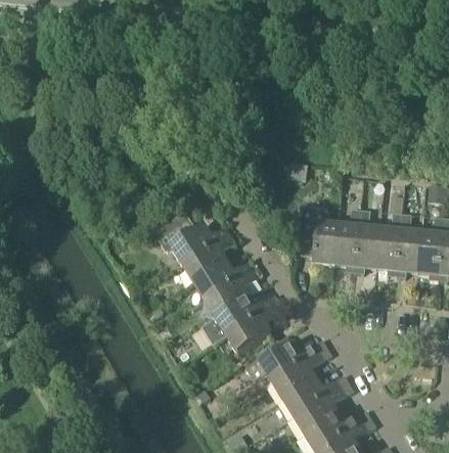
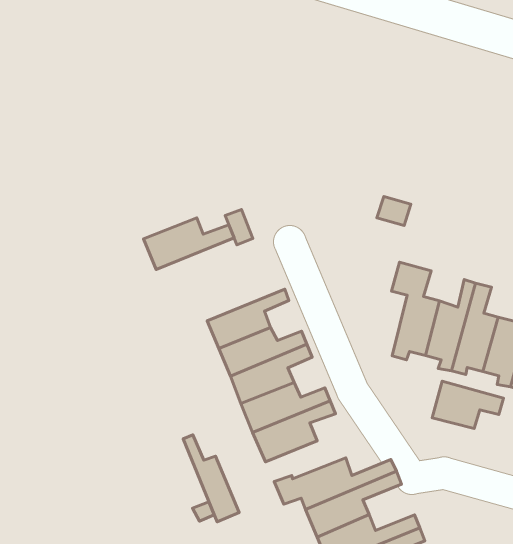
building: [170,226,231,266] -> [144,218,234,270]
building: none -> [432,381,503,428]
building: none -> [183,435,239,522]

